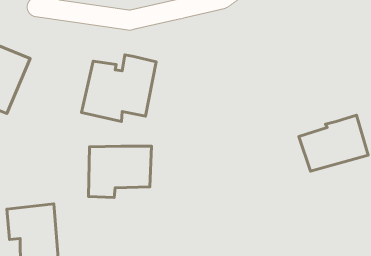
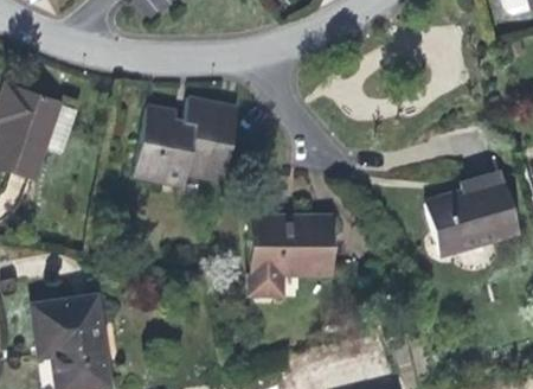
building: [88,146,152,197] -> [249,219,333,288]

